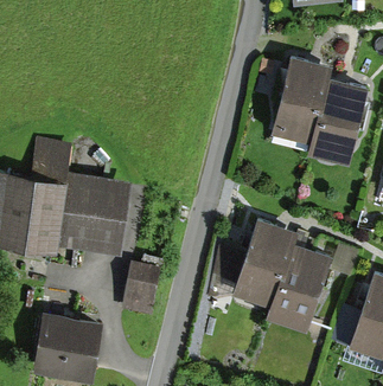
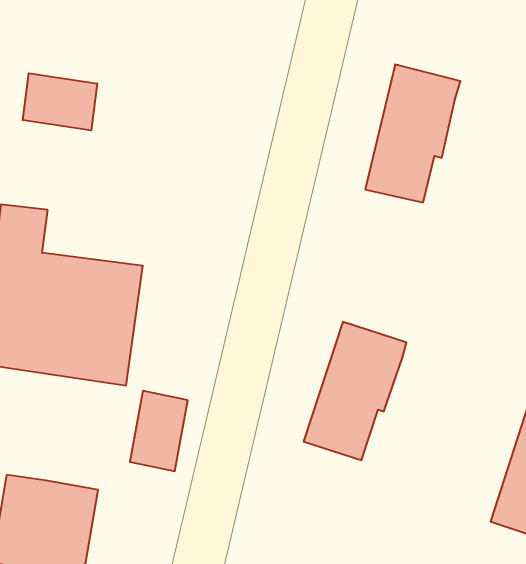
building: none -> [23,73,97,130]
building: [305,78,366,163] -> none
building: [264,242,332,333] -> none

